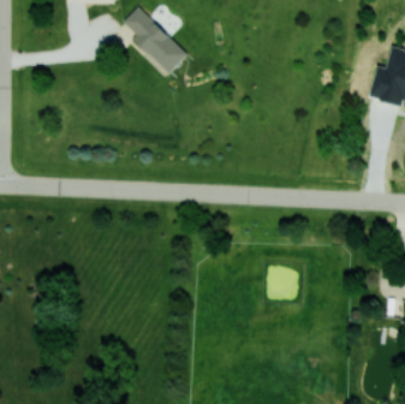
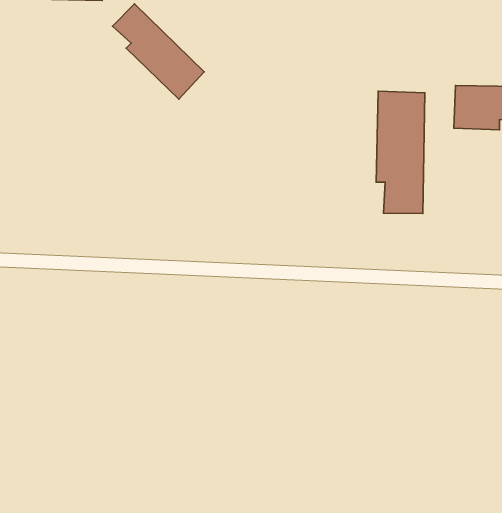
building: none -> [376,91,425,213]

